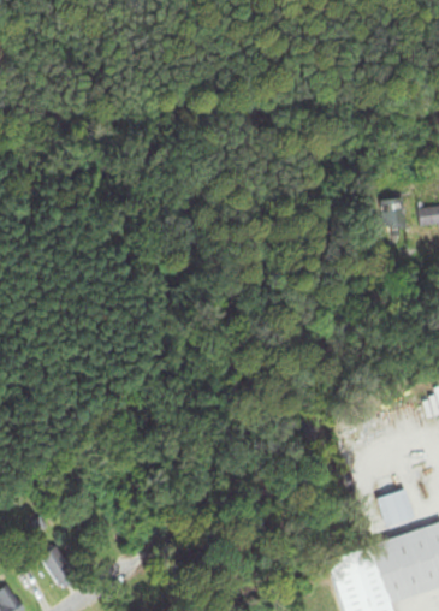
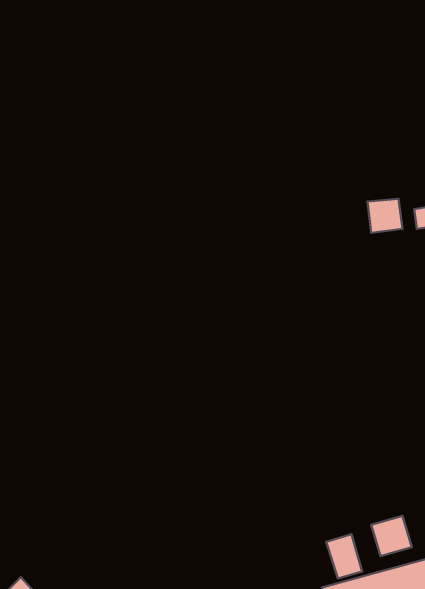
building: none -> [326,534,362,578]

